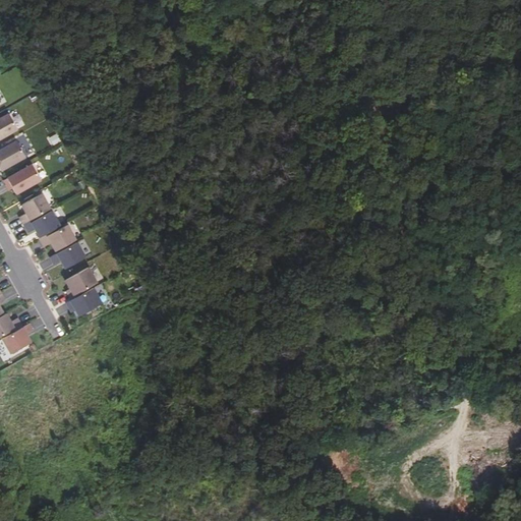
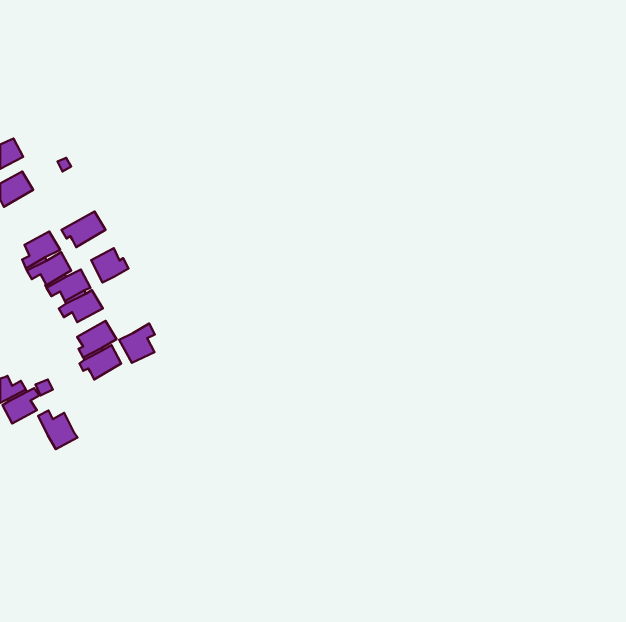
building: [6,166,43,195] -> [62,212,106,247]
building: none -> [91,248,129,282]
building: none -> [119,323,155,363]
building: none -> [38,411,78,449]

